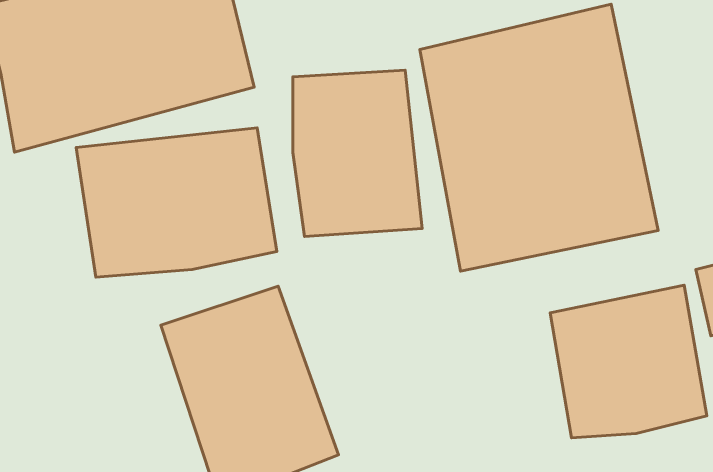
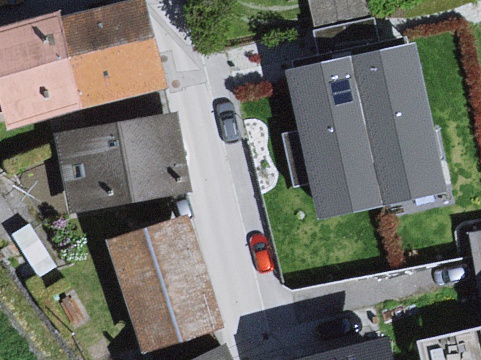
building: [293,70,422,236] -> none
building: [550,285,707,438] -> none

